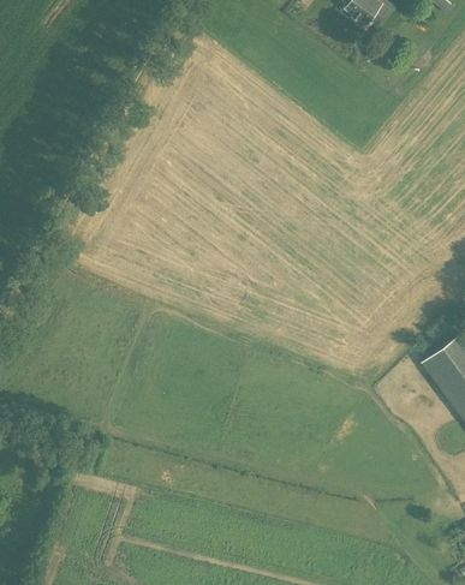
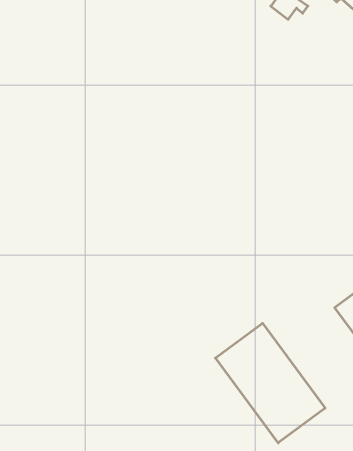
building: none -> [215,323,325,443]

